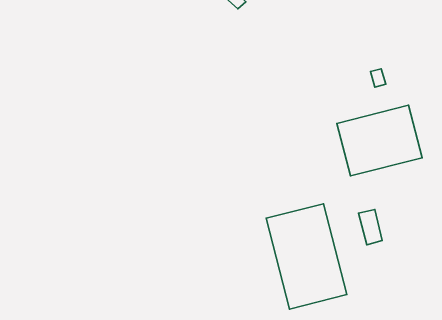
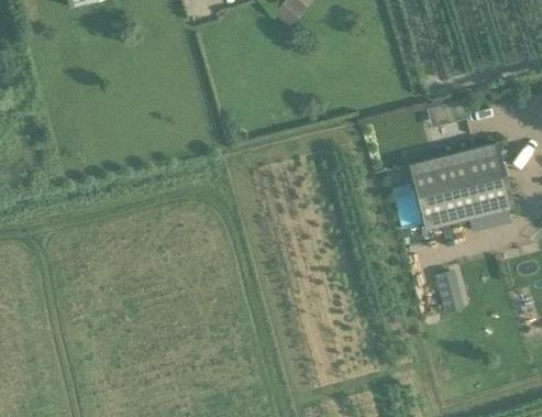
building: [266,204,347,309] -> none

